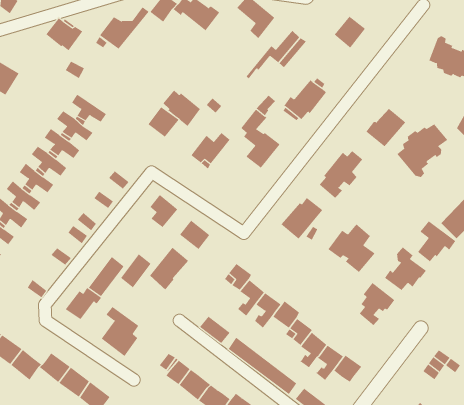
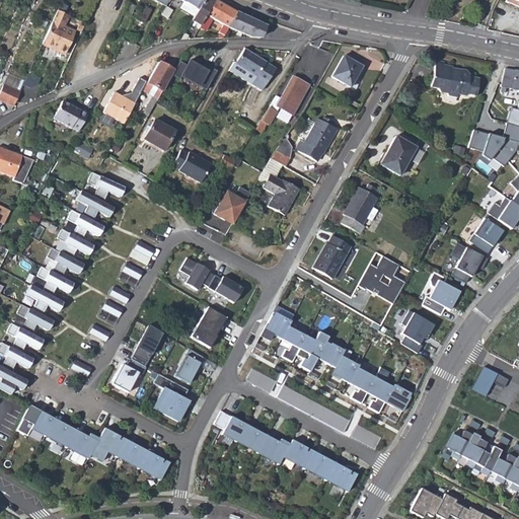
building: [148,107,179,137] -> [146,121,176,150]
building: [397,124,448,178] -> none
building: [120,254,151,288] -> [175,348,204,382]

